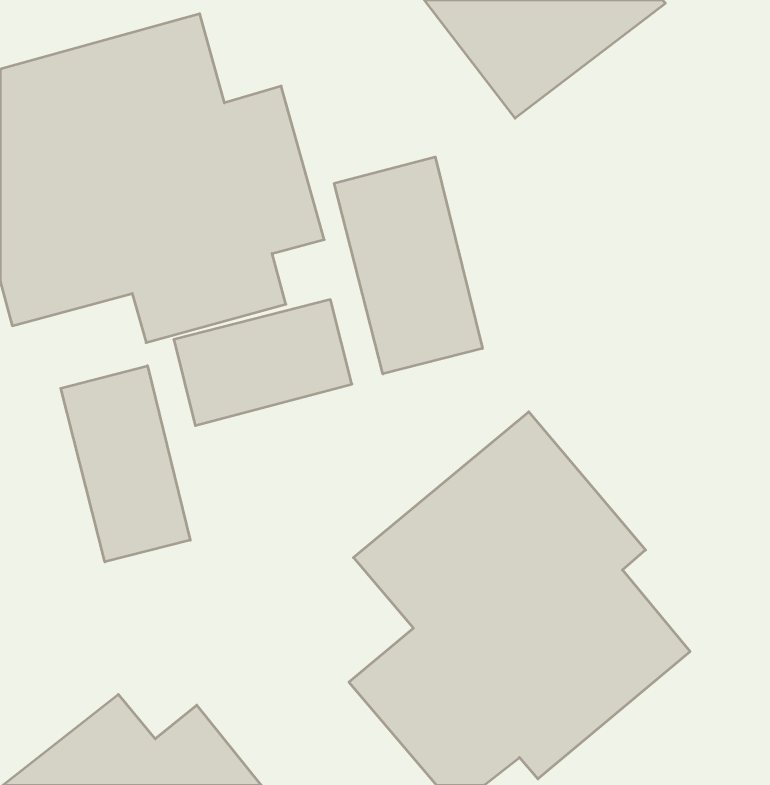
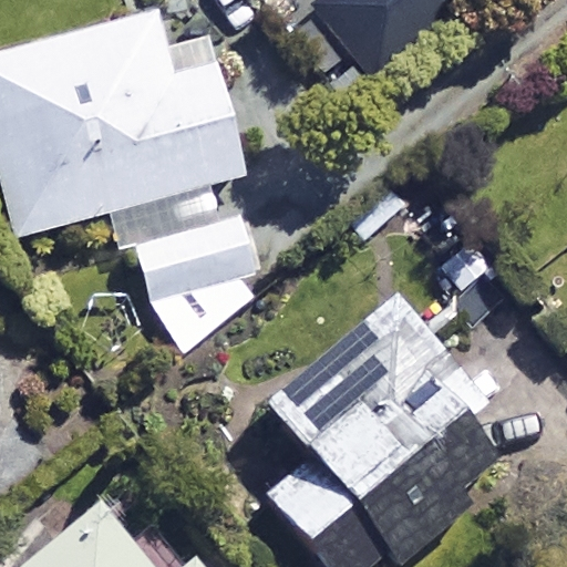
building: [334,157,482,374] -> none
building: [61,366,190,562] -> none

